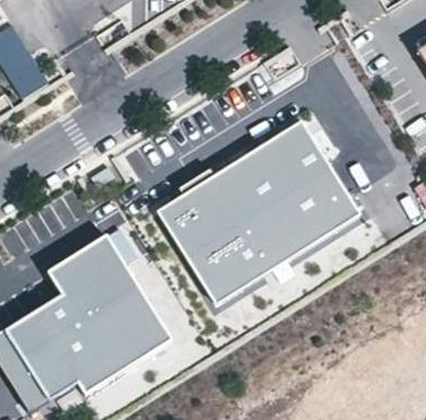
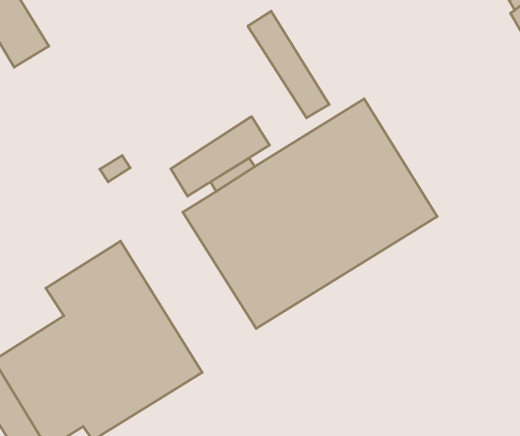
building: none -> [248,11,329,118]
building: none -> [171,117,270,196]

